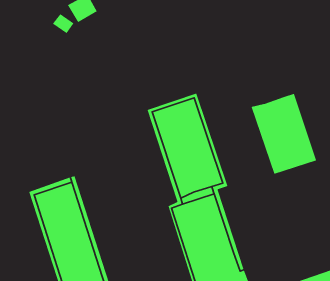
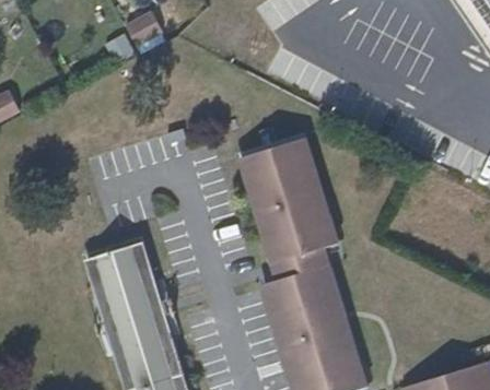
building: [251,93,317,175] -> none

